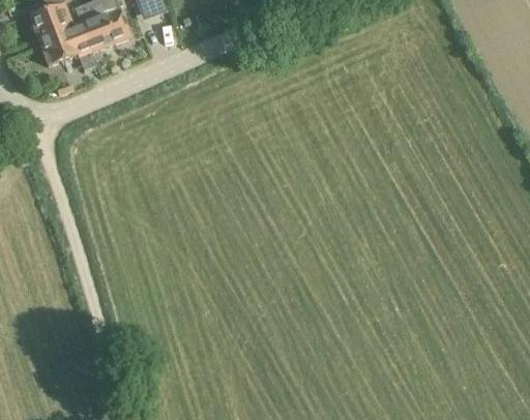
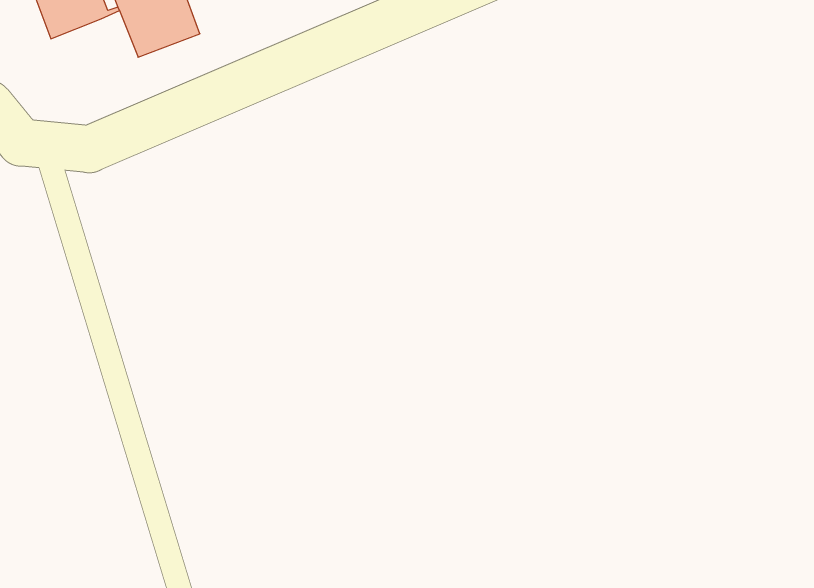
building: [37,23,91,65] -> none

